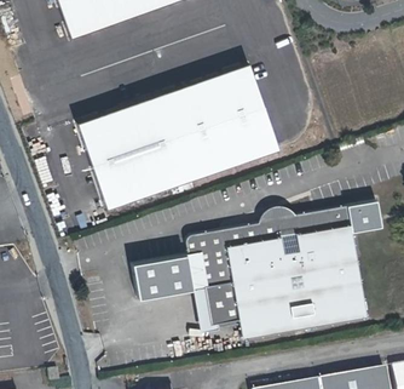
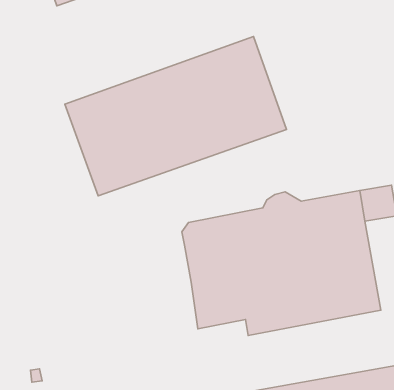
building: [132,254,195,298] -> none

